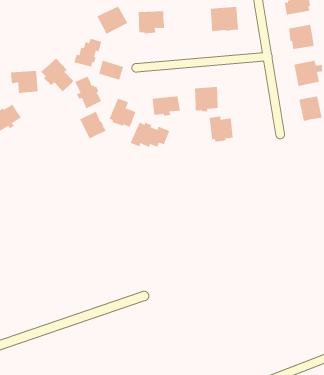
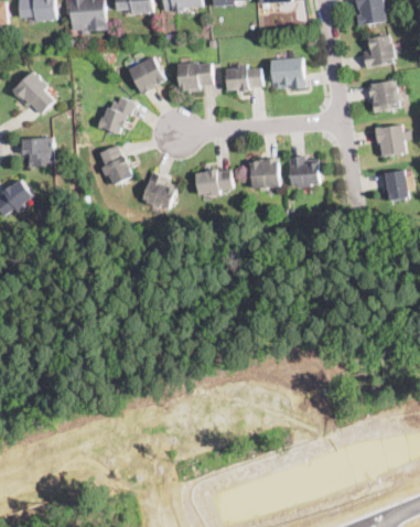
building: none -> [225,64,262,94]
building: [40,58,74,92] -> [13,72,55,115]
building: [98,60,124,81] -> none
building: [79,111,106,139] -> none
building: [209,116,233,142] -> [289,155,320,189]
building: [130,122,170,148] -> none

